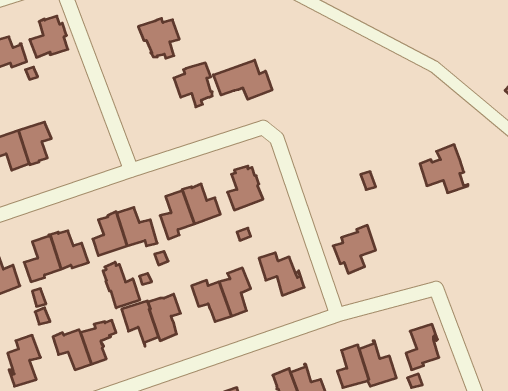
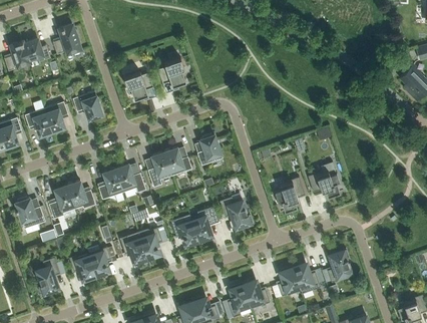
building: [138,18,179,58] -> [123,71,153,100]
building: [213,60,272,99] -> none
building: none -> [72,90,102,120]
building: [420,145,468,193] -> [308,162,343,197]
building: [103,262,140,308] -> none

